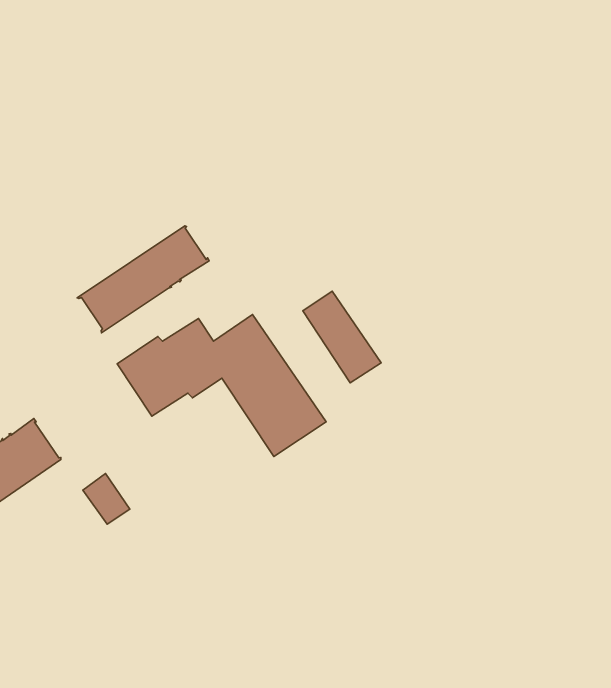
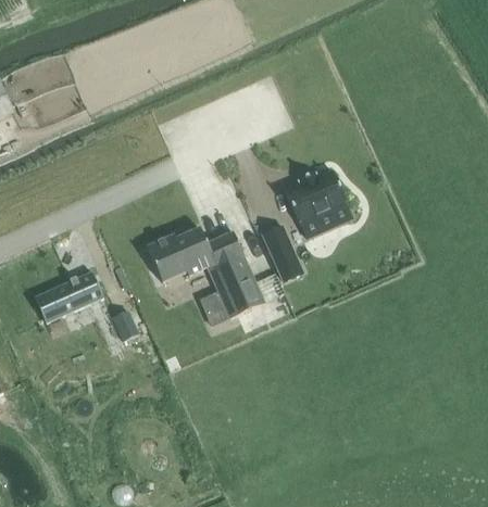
building: none -> [285,170,347,224]
building: [77,226,209,333] -> none

